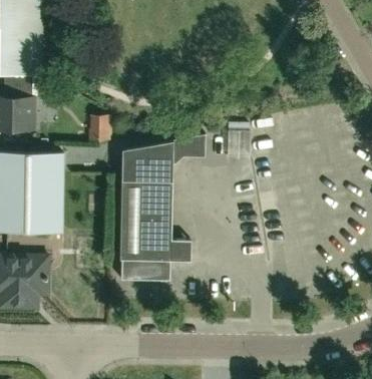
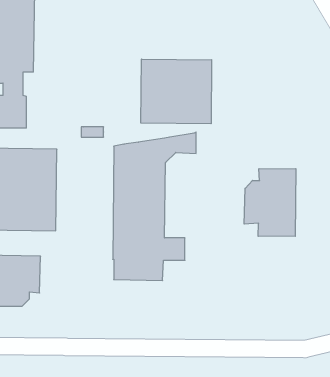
building: none -> [141,59,212,124]
building: none -> [244,169,296,236]

